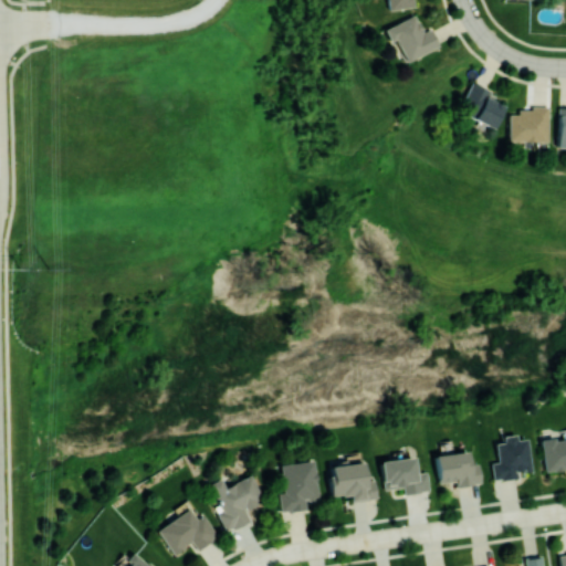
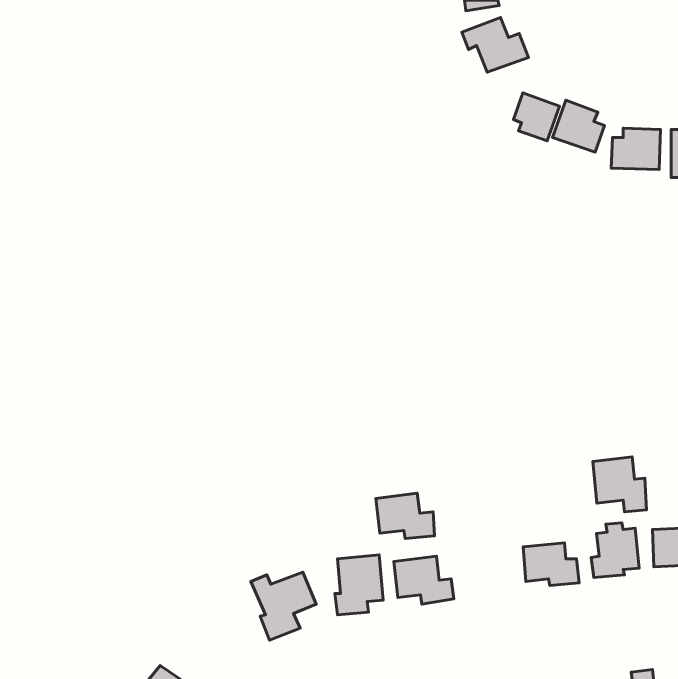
building: none -> [513,93,560,141]
building: none -> [593,457,647,512]
building: [381,458,430,495] -> [376,493,435,538]
building: [159,510,220,555] -> none

